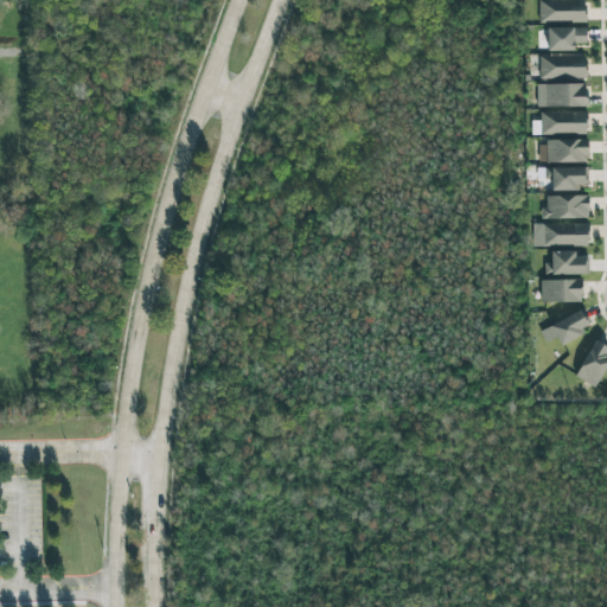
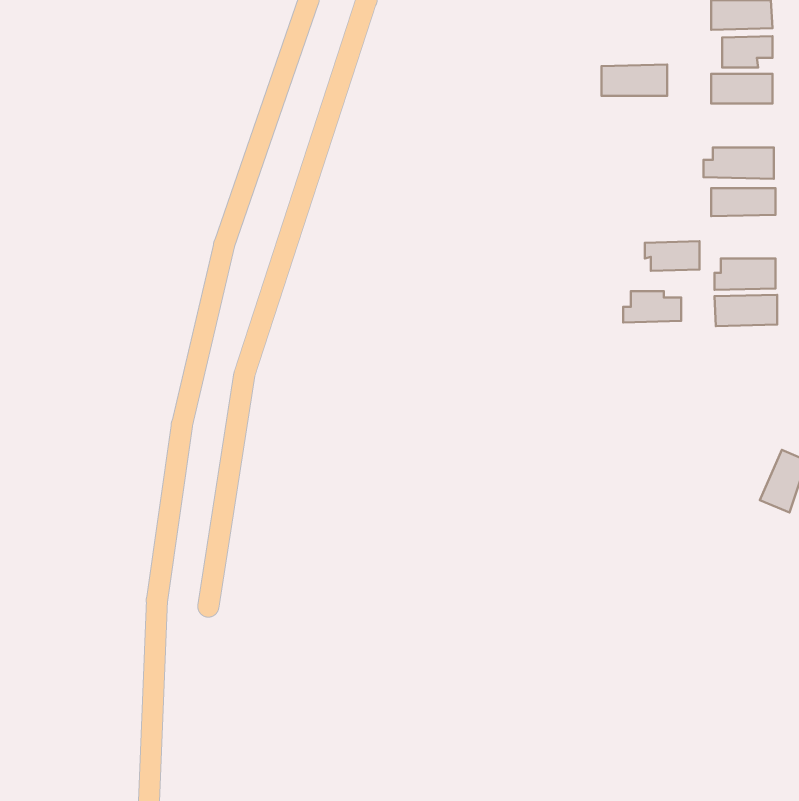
building: [537,83,587,107] -> [601,65,667,96]
building: [547,167,588,190] -> [645,241,700,271]
building: [545,251,589,275] -> [623,291,681,323]
building: [542,280,582,302] -> none
building: [541,309,592,346] -> none

